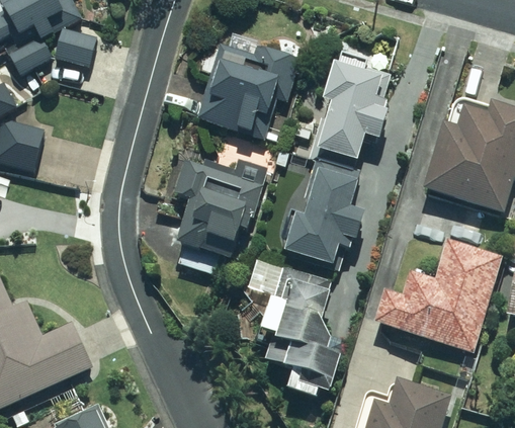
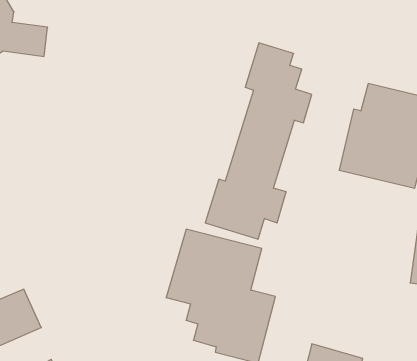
building: [194,41,306,137] -> none
building: [172,153,277,272] -> none
building: [373,239,504,355] -> none

